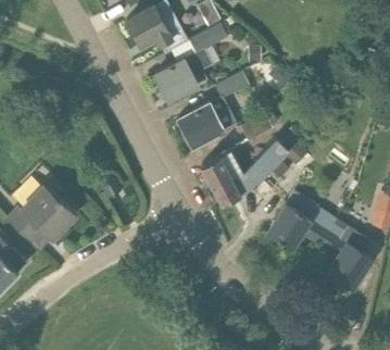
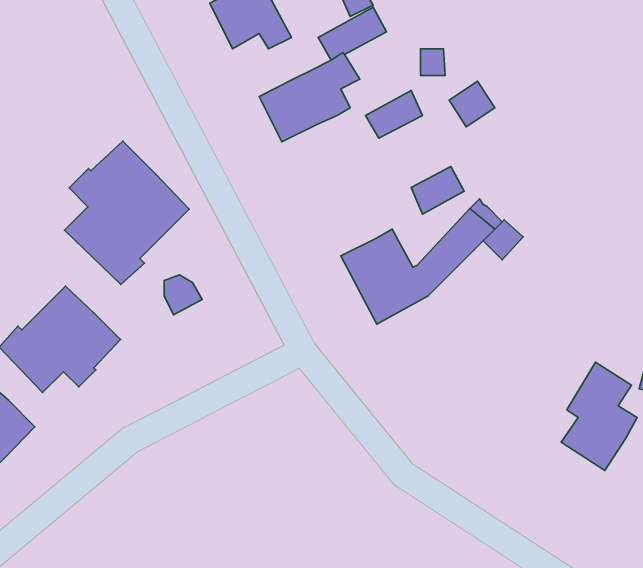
building: none -> [64,141,189,285]
building: [178,102,226,147] -> none
building: [268,192,348,253] -> none

